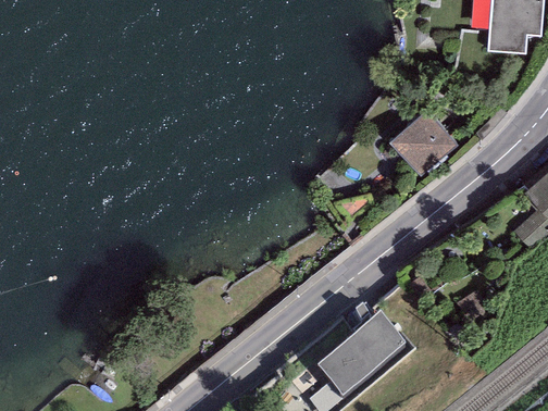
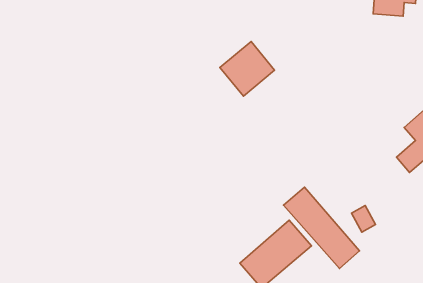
building: [390,109,459,177] -> [220,42,274,96]
building: none -> [284,187,360,268]

